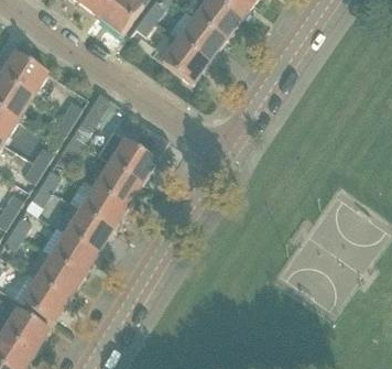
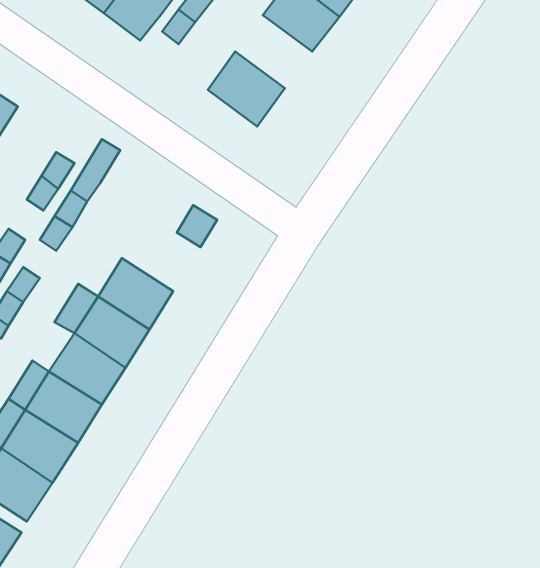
building: [178,17,225,61] -> none
building: [97,130,156,183] -> none

